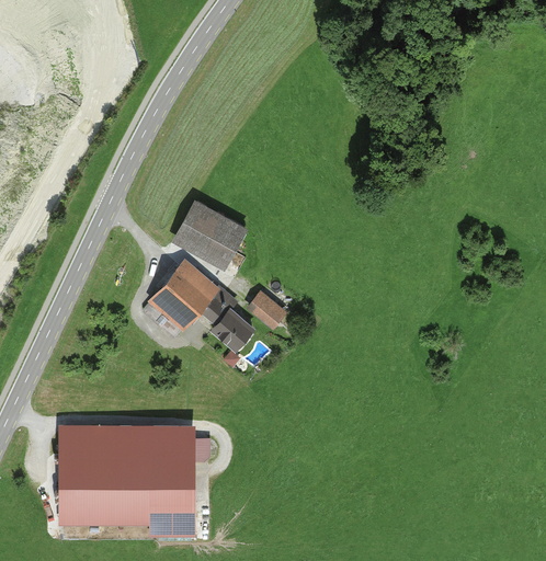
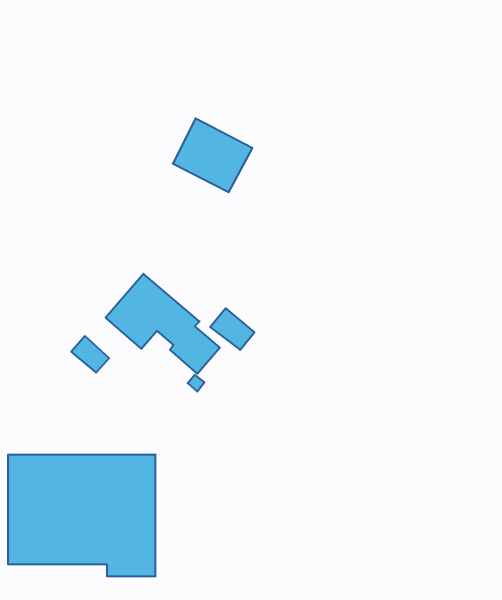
building: [172,199,246,267] -> [173,118,252,192]
building: none -> [71,336,109,373]

